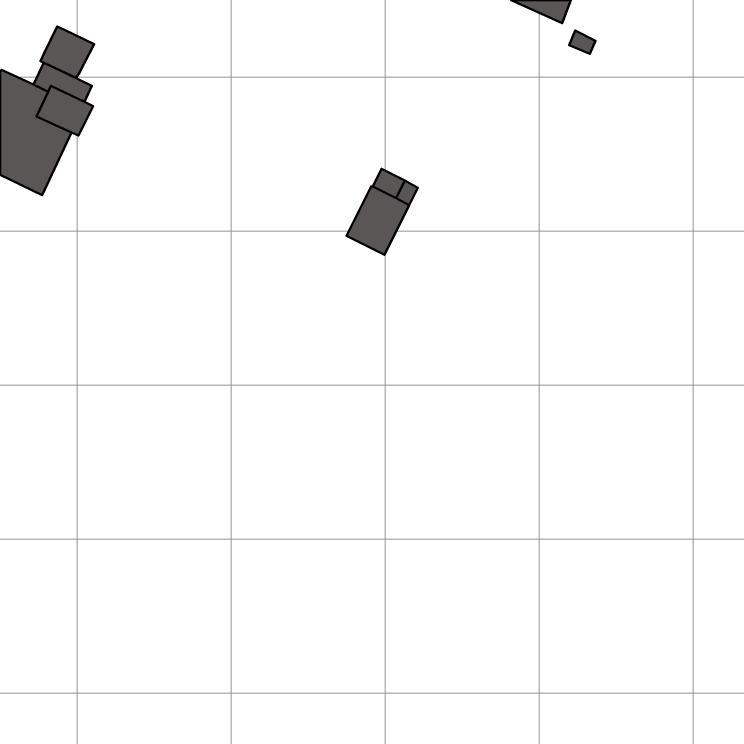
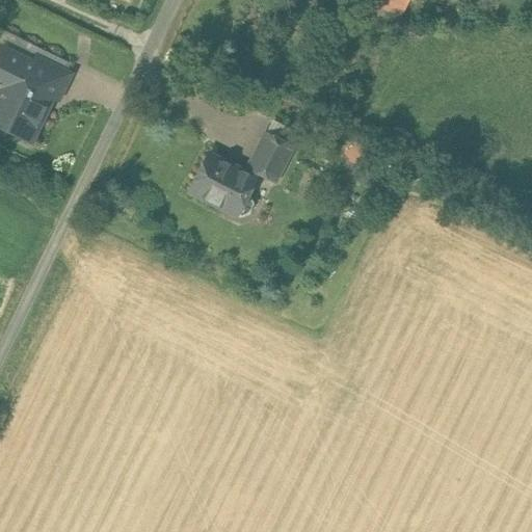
building: [41,26,94,78] -> none
building: none -> [189,154,255,216]

